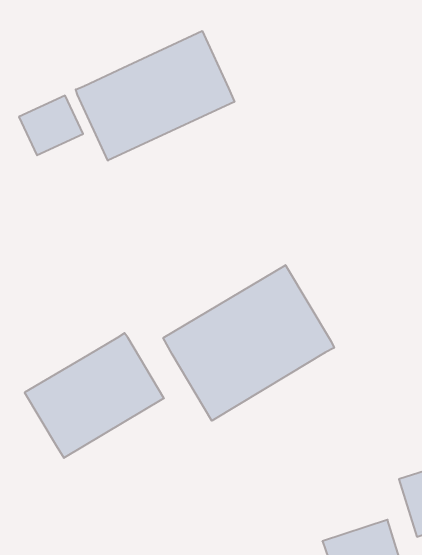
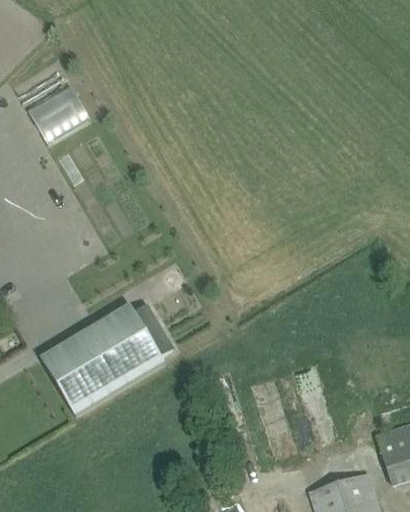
building: [76,31,234,161] -> none
building: [163,265,334,421] -> none

